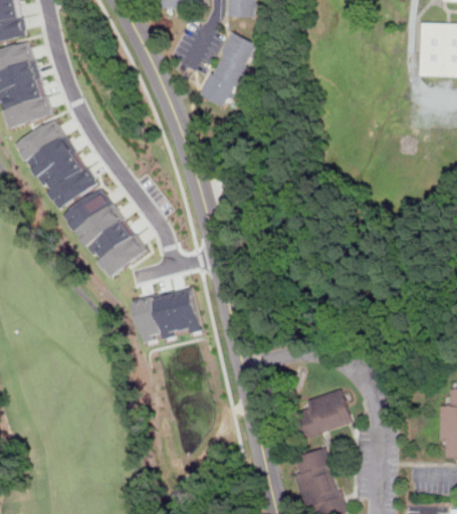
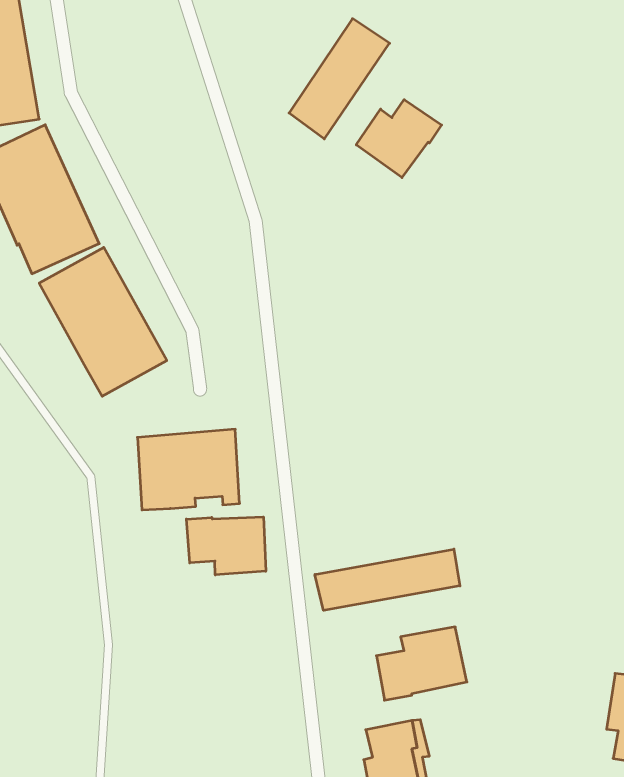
building: none -> [356,100,442,178]
building: none -> [186,517,266,575]
building: none -> [315,549,460,610]

